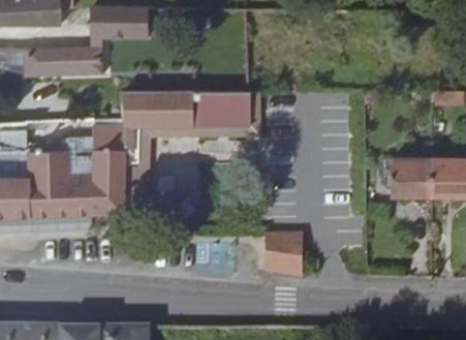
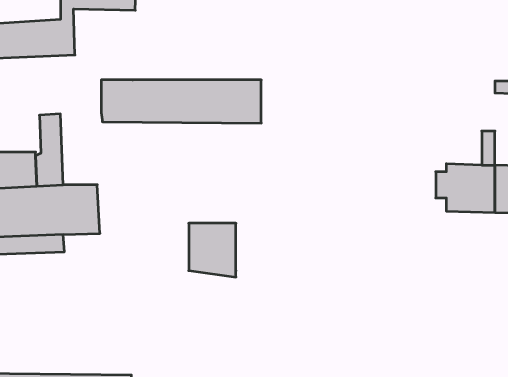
building: [90,118,124,176] -> none
building: [266,233,303,275] -> [189,223,236,277]

